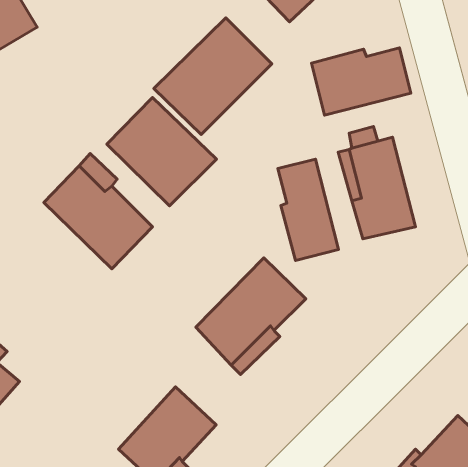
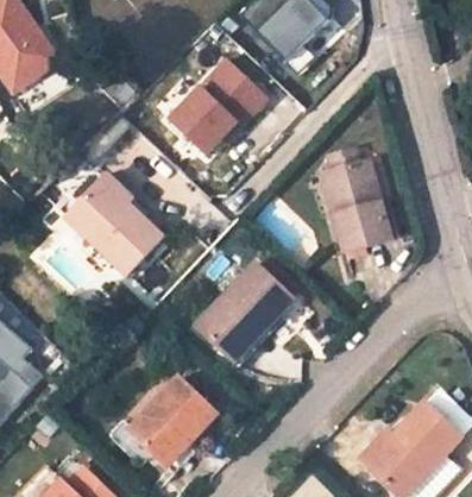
building: [311,48,411,115] -> none
building: [107,97,217,206] -> none
building: [278,159,339,260] -> none

